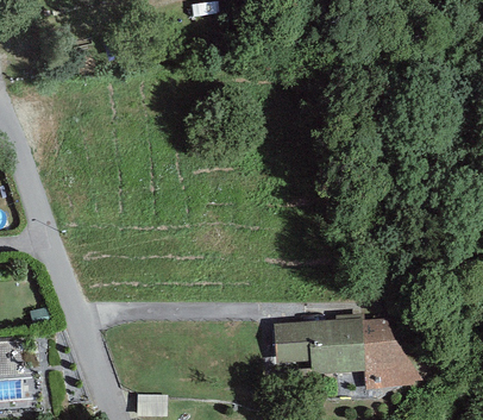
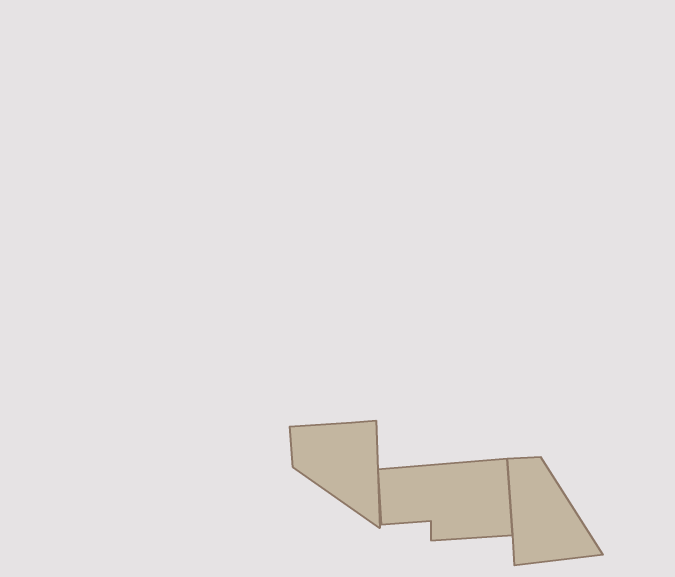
building: none -> [290,421,380,528]

